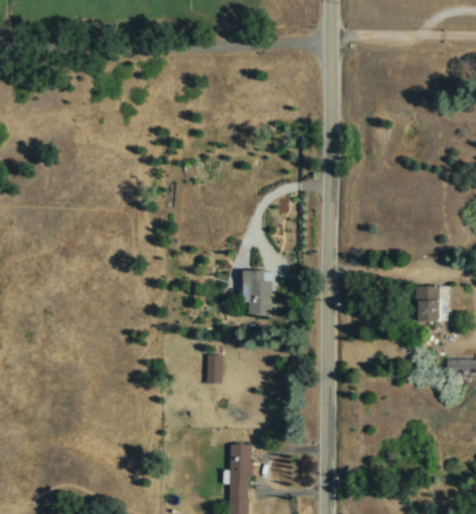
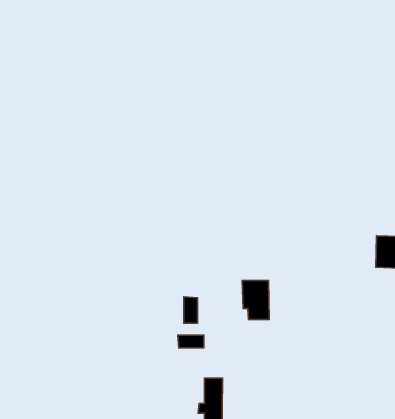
building: [242,271,272,314] -> [242,281,269,319]
building: none -> [178,335,204,348]

